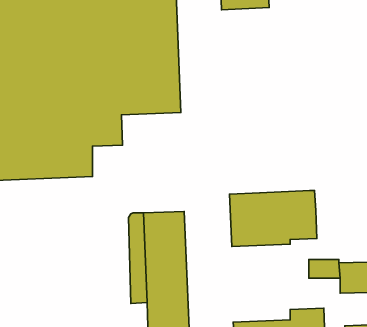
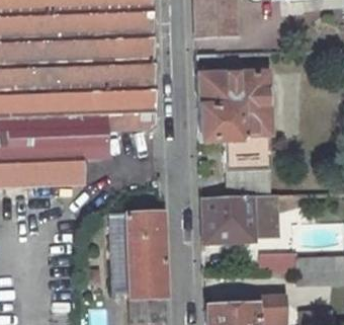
building: none -> [197,72,272,196]

